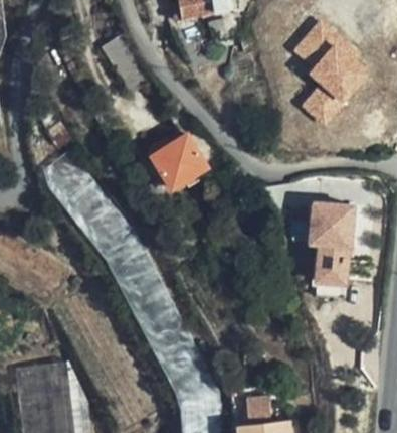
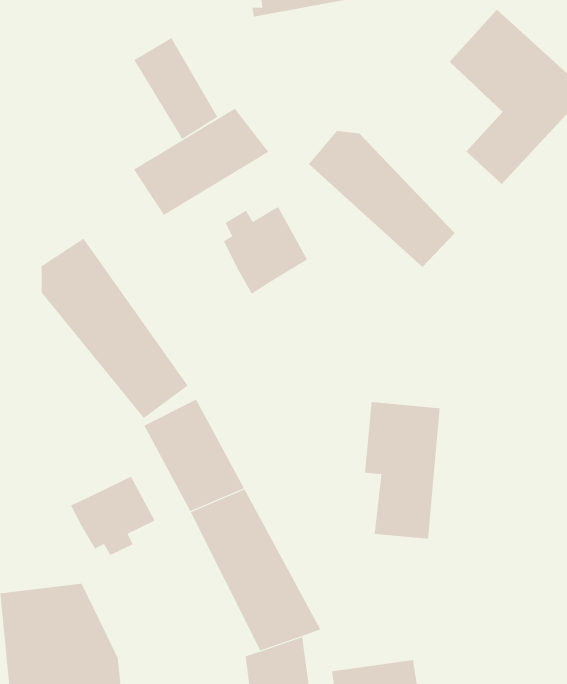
building: none -> [133,108,269,216]
building: none -> [308,130,456,268]
building: [312,197,358,281] -> [364,401,440,539]
building: none -> [70,476,155,556]

